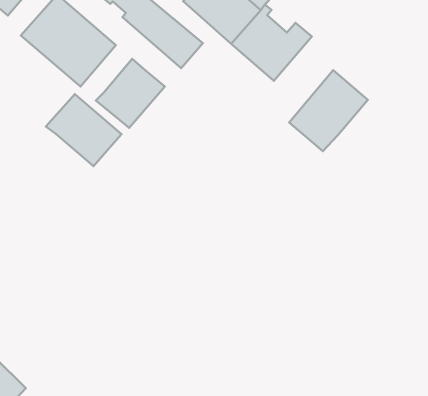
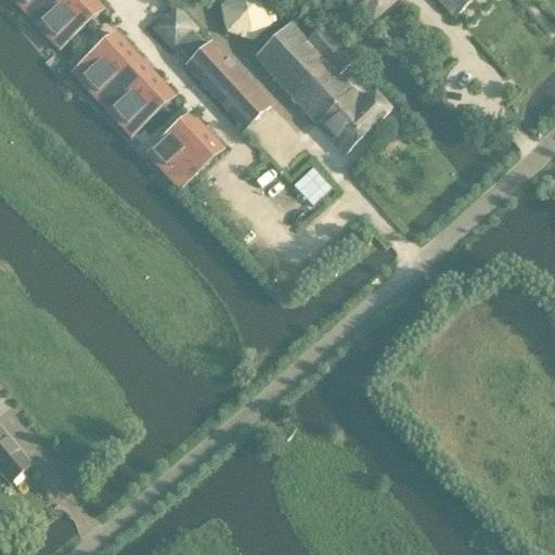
building: [289,70,368,151] -> none
building: [46,94,122,166] -> none

